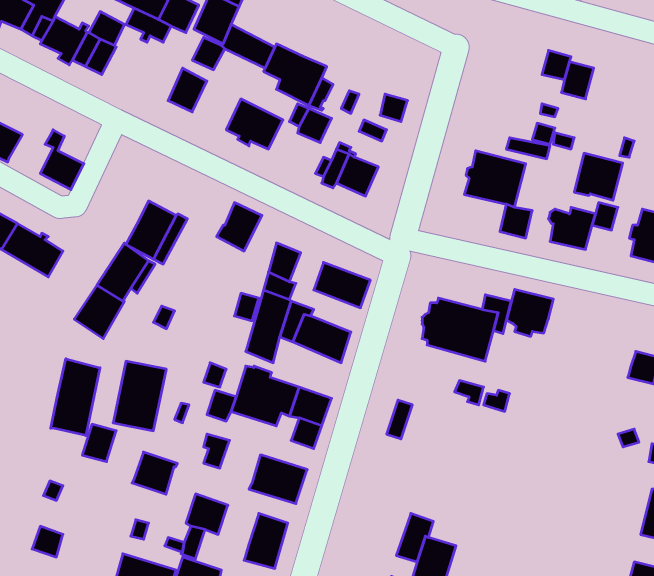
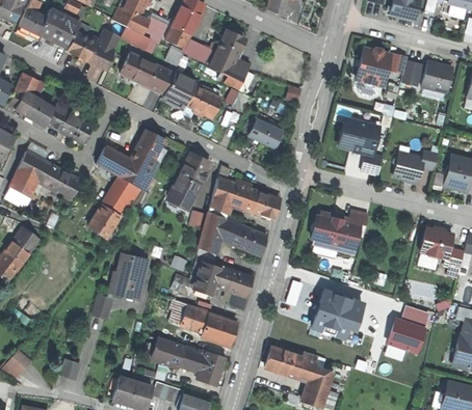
building: none -> [217,31,244,58]
building: none -> [356,48,389,88]
building: none -> [120,53,157,86]
building: none -> [160,70,196,110]
building: none -> [46,101,74,133]
building: [574,153,623,200] -> [421,61,452,91]
building: none -> [135,130,164,160]
building: none -> [96,147,129,179]
building: none -> [166,173,200,209]
building: none -> [226,180,250,208]
building: [506,289,553,336] -> [421,228,451,258]
building: [51,359,100,436] -> none
building: none -> [313,286,369,338]
building: none -> [389,303,432,352]
building: [132,452,177,494] -> [180,304,209,331]
building: none -> [180,346,206,371]
building: none -> [264,348,301,378]

